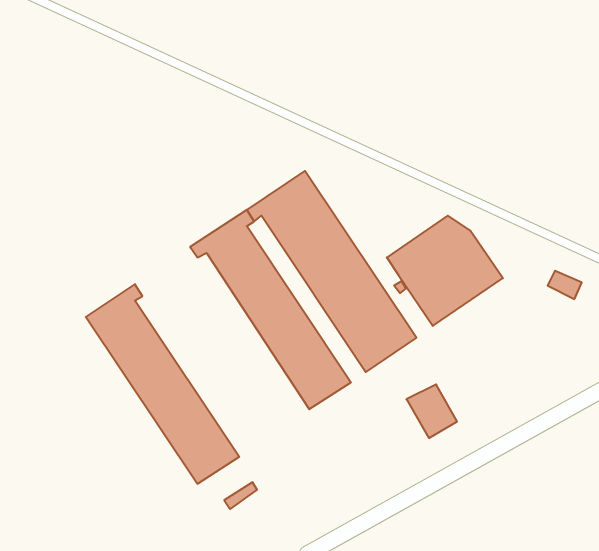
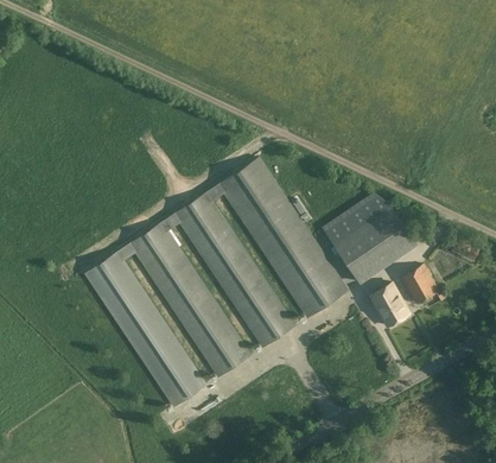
building: none -> [123,218,250,378]
building: none -> [402,267,435,303]
building: [406,384,457,438] -> [369,284,409,326]

